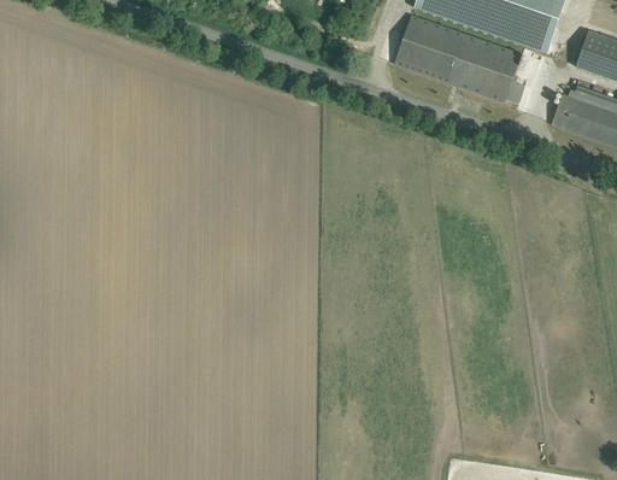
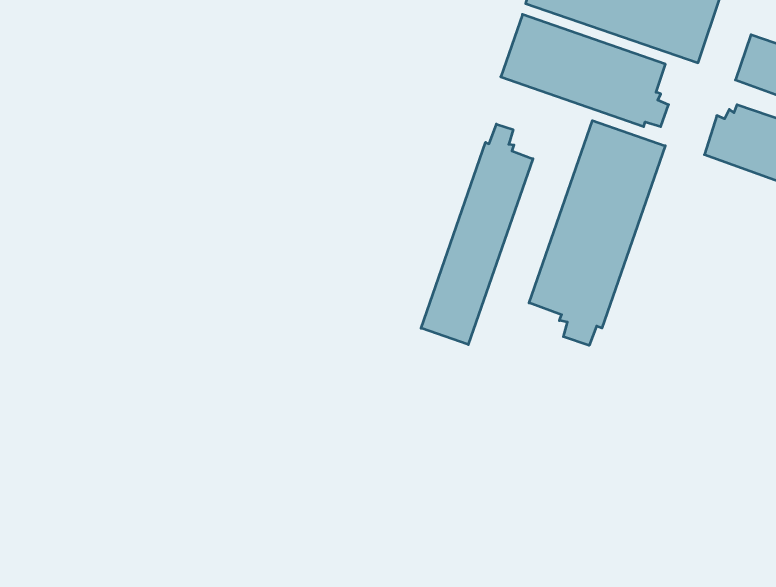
building: none -> [529,121,665,345]
building: none -> [421,124,533,345]

